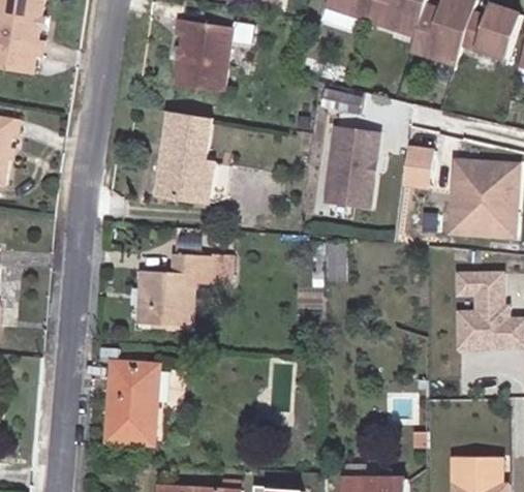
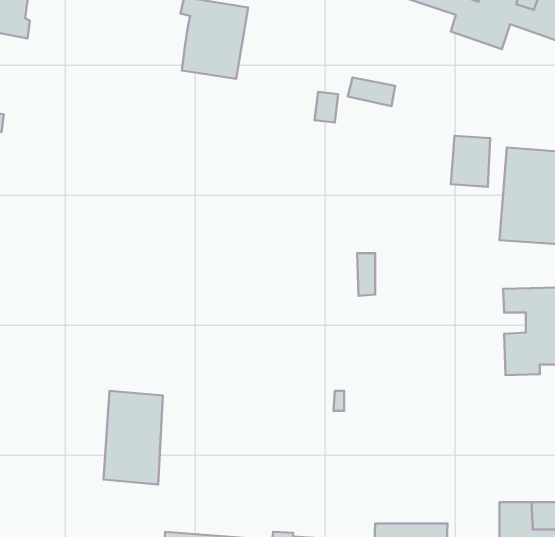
building: [153,112,212,202] -> none
building: [323,128,377,208] -> none
building: [137,254,232,327] -> none

